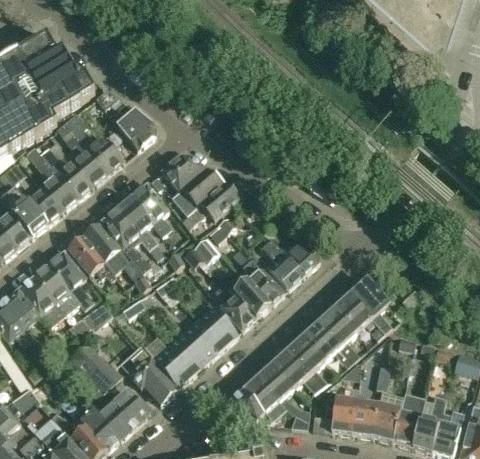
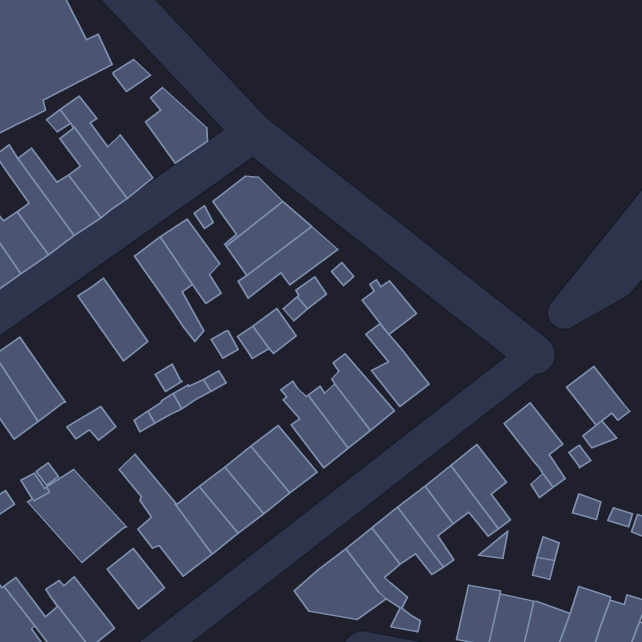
building: [101,208,157,271] -> none
building: [67,235,115,279] -> none
building: [285,241,319,274] -> [362,280,416,334]
building: [49,251,94,308] -> none
building: [335,295,375,331] -> [566,367,630,425]
building: [93,402,134,438] -> none

